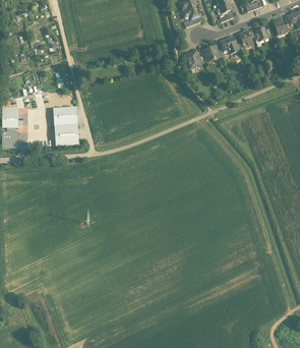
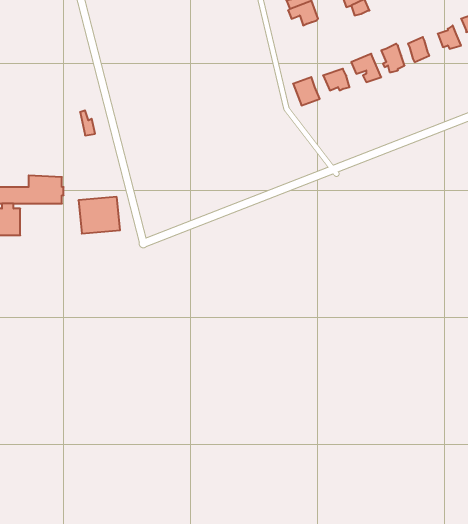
building: [53,107,77,126] -> none

